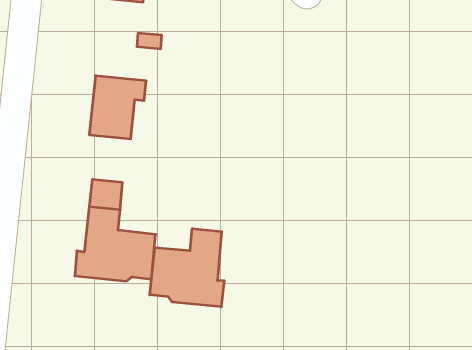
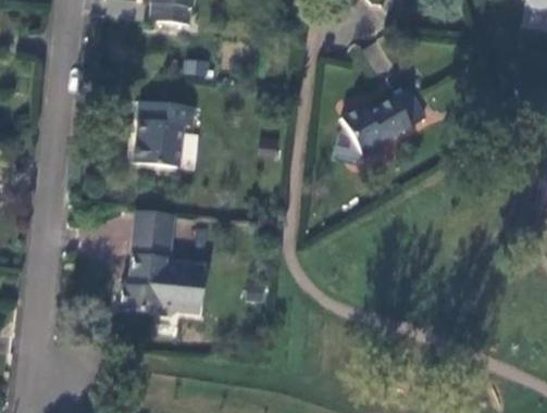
building: none -> [340,87,424,152]
building: [150,229,224,307] -> none

